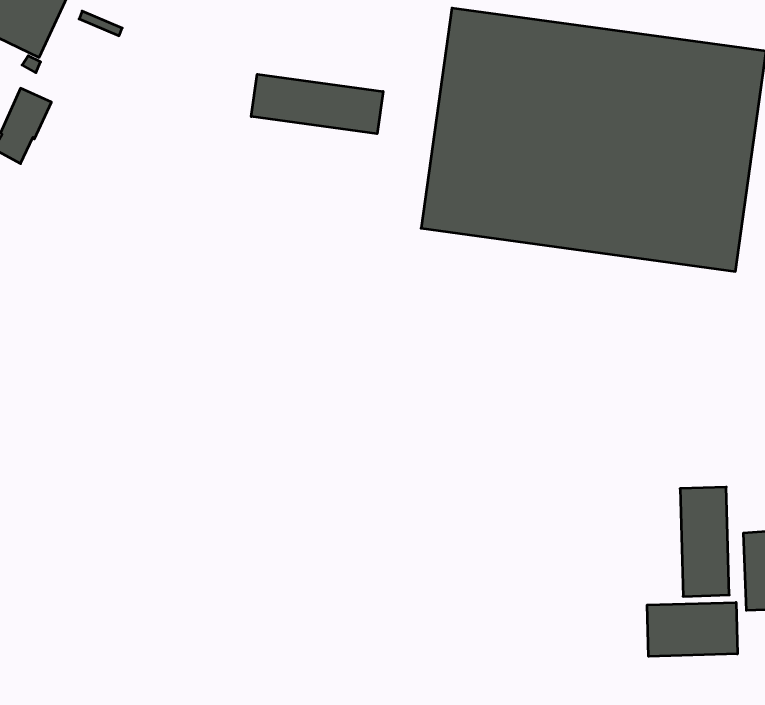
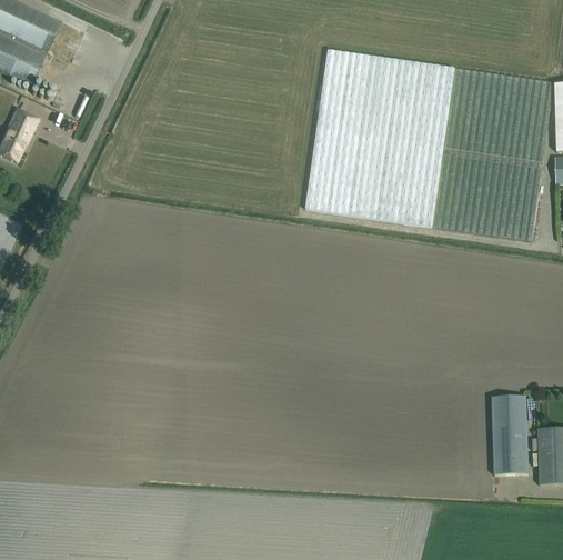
building: [251,74,383,134] -> none
building: [647,602,737,656] -> none

